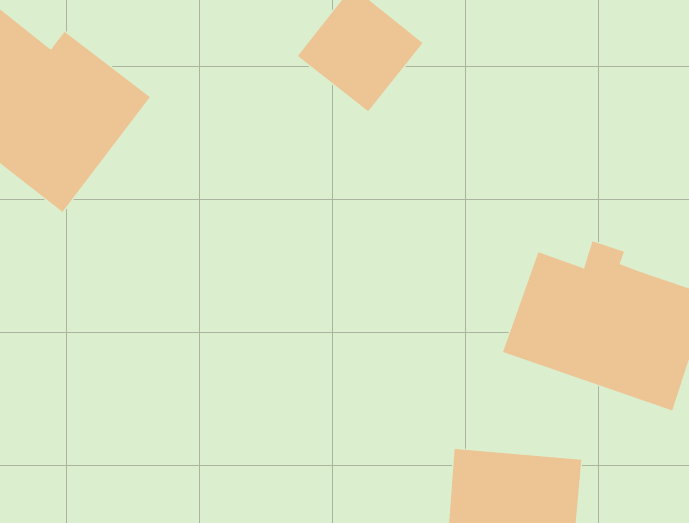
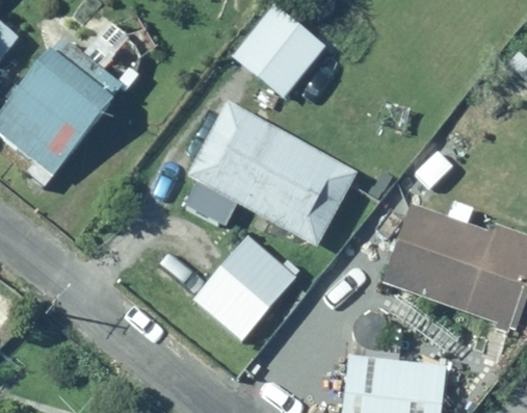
building: none -> [183,102,358,249]
building: none -> [189,237,296,344]

